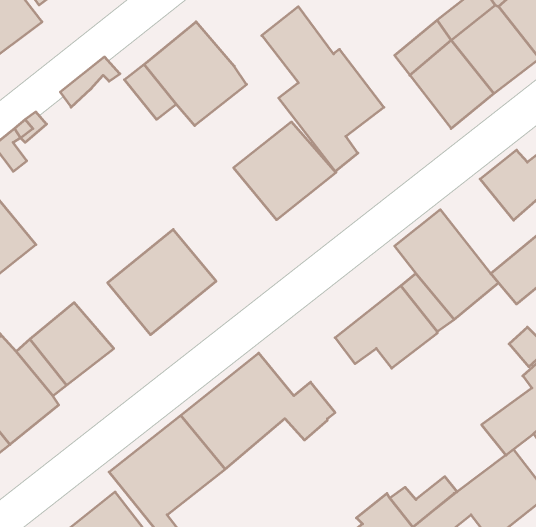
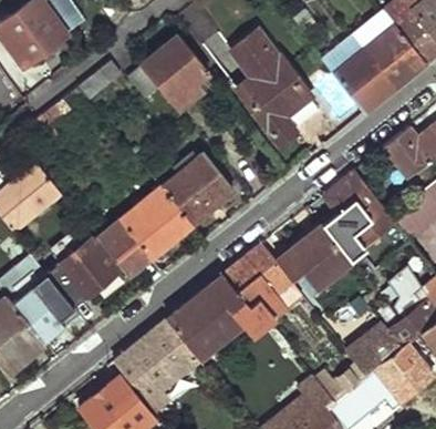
building: [234,122,336,220] -> [162,153,236,224]
building: none -> [96,225,145,277]
building: none -> [224,245,293,319]
building: none -> [345,321,403,377]

